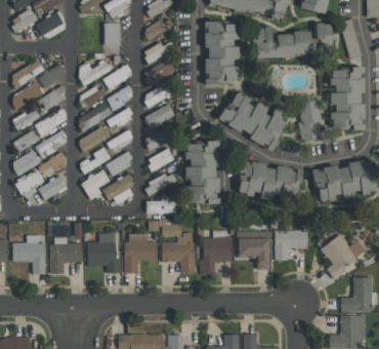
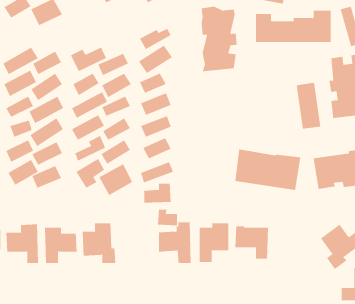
building: [103,22,121,46] -> none
building: [220,90,286,151] -> none
building: [184,142,220,203] -> none
building: [275,229,308,260] -> none
building: [124,233,158,273] -> none

